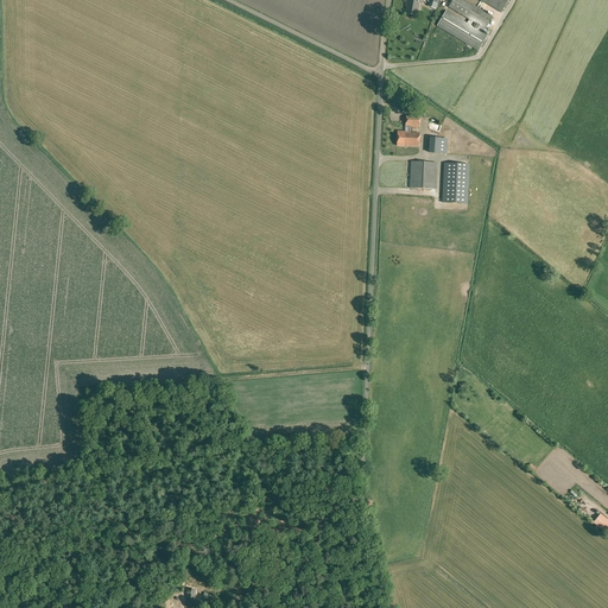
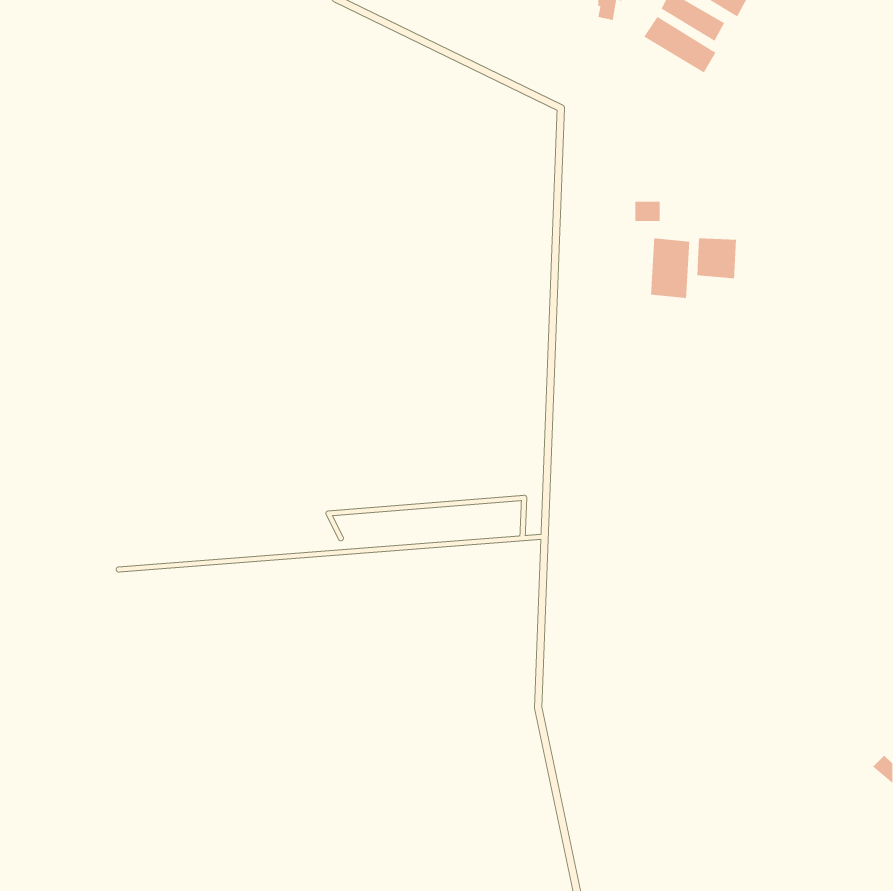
building: [397,114,420,145] -> none
building: [410,160,437,189] -> [697,237,737,279]

